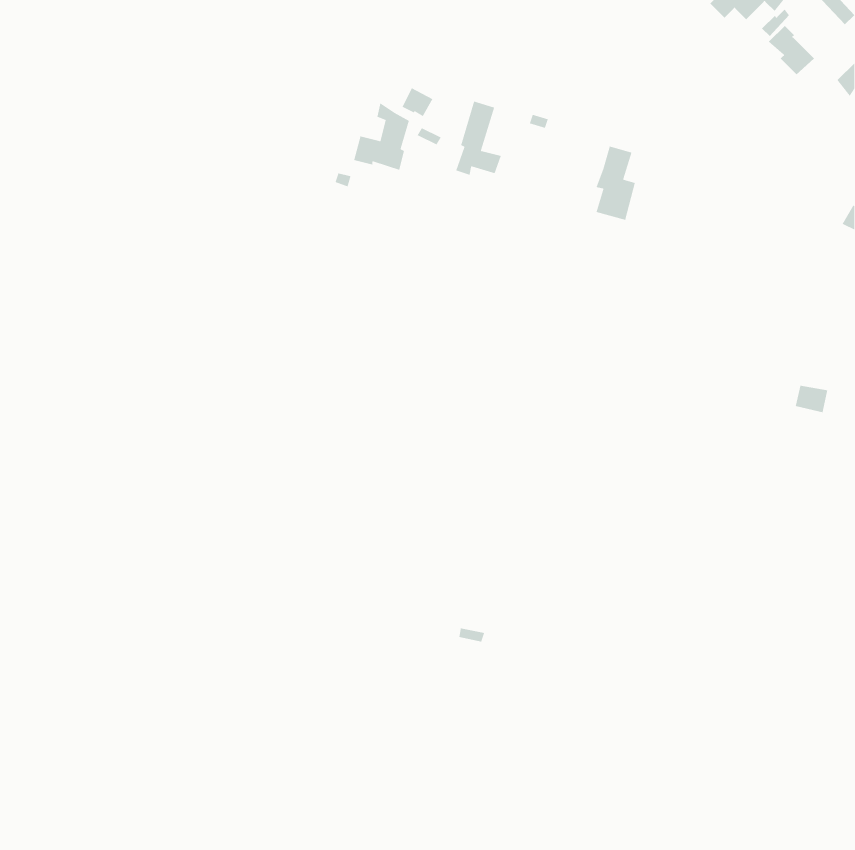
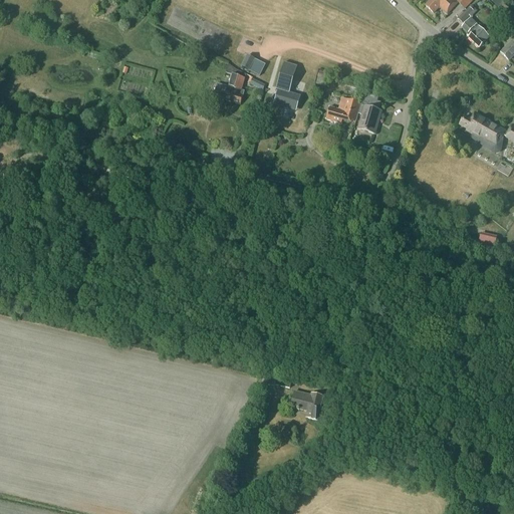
building: none -> [325,95,361,122]
building: none -> [460,112,503,143]
building: none -> [290,389,321,419]

